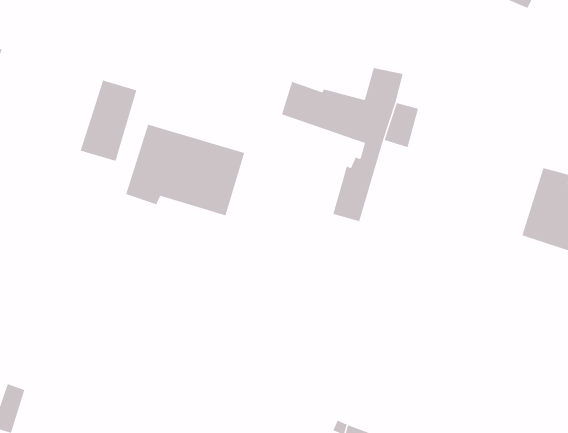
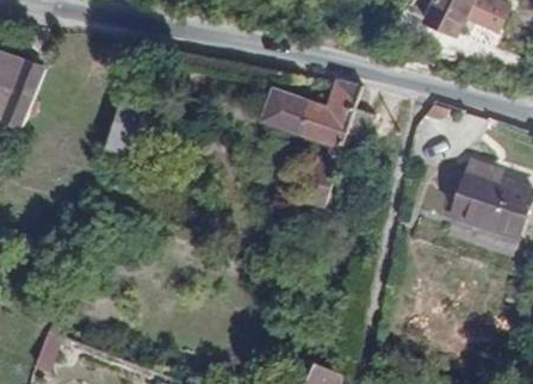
building: [126,124,245,216] -> none

